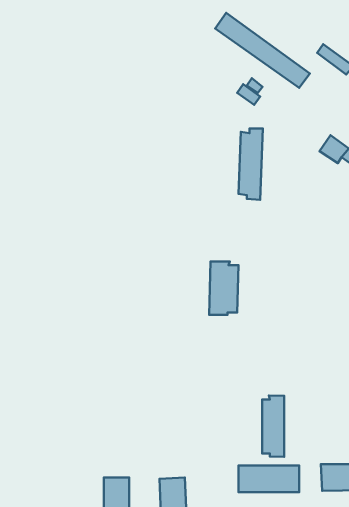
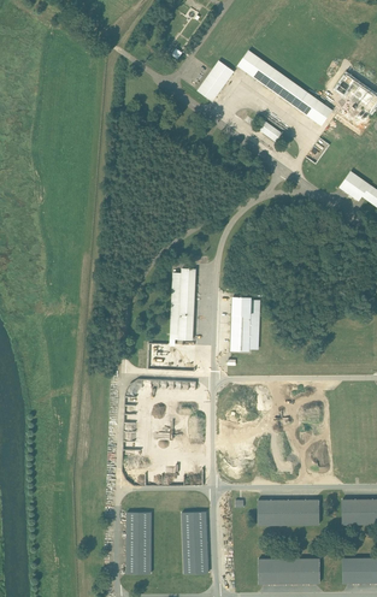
building: none -> [199,61,234,101]
building: [238,128,263,200] -> [172,270,196,341]
building: [262,395,284,457] -> none

